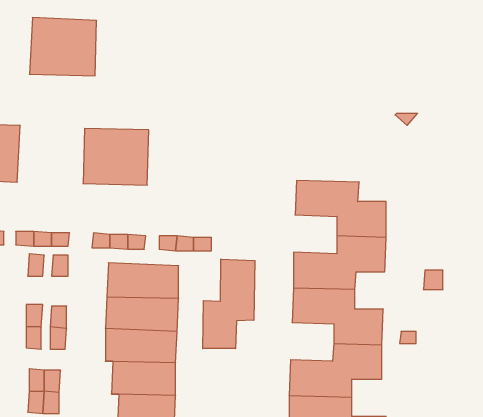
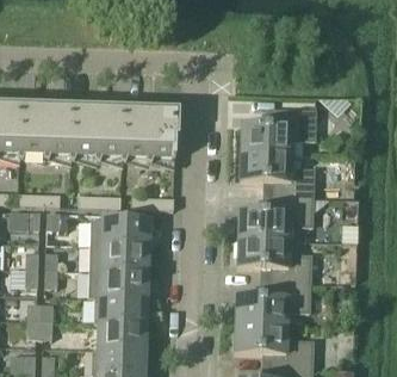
building: [29,18,97,76] -> [19,106,73,153]
building: none -> [242,107,316,152]
building: none -> [123,110,178,156]
building: [203,259,255,349] -> none

